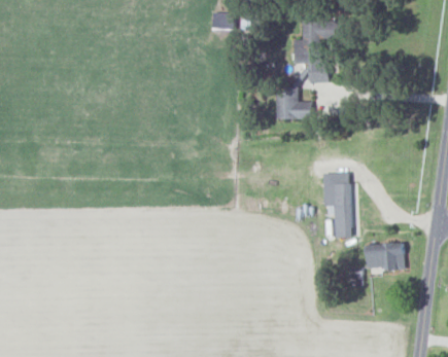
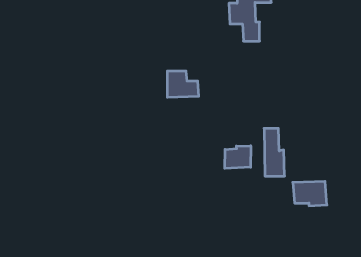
building: [275,90,311,119] -> [167,71,199,97]
building: none -> [225,146,251,168]

